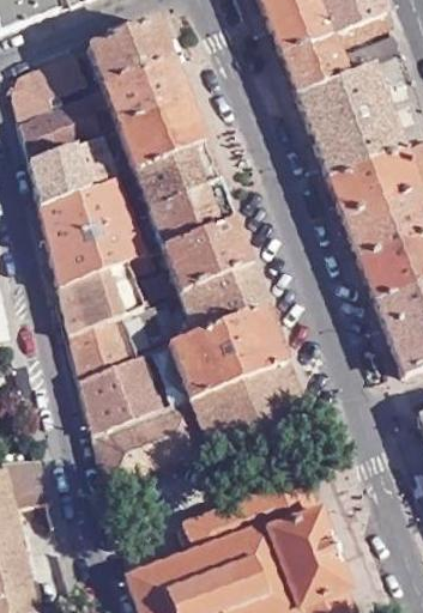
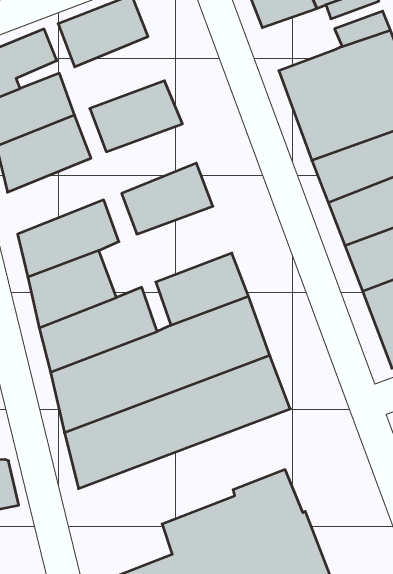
building: [278,32,345,91] -> none
building: [101,59,186,127] -> none
building: [131,141,216,207] -> none
building: [37,175,128,245] -> none
building: [159,219,249,291] -> none

